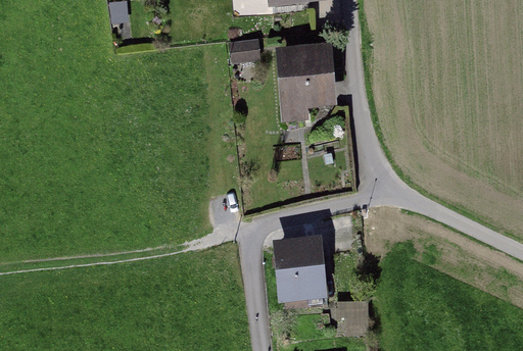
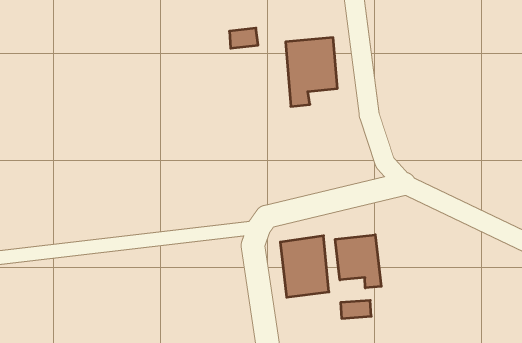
building: none -> [335,235,381,288]

